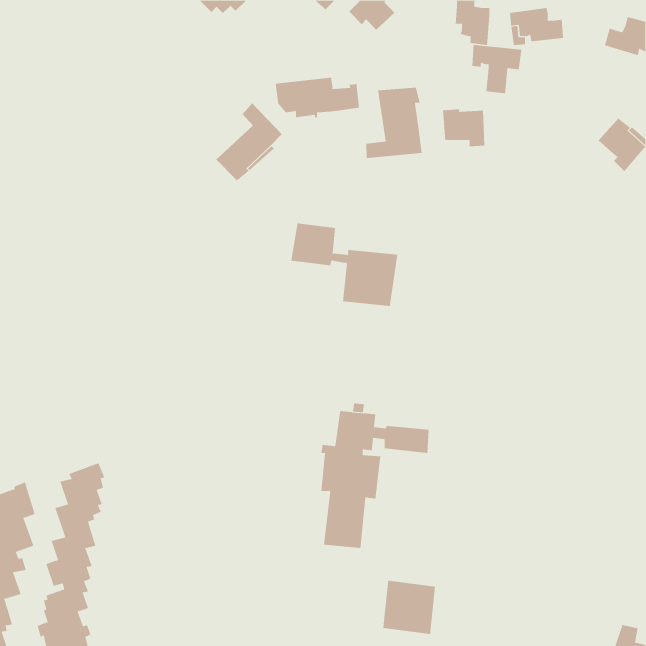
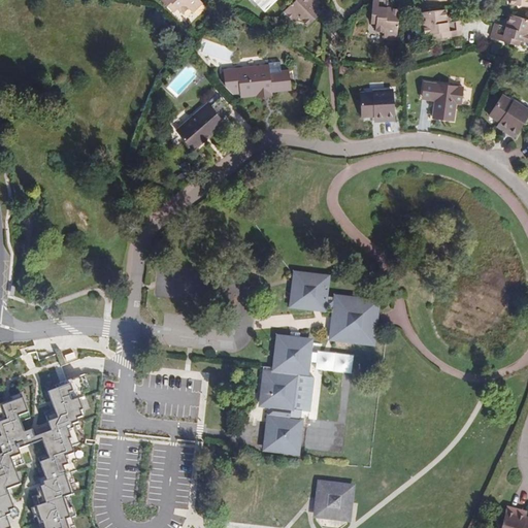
building: [471,44,522,94] -> [426,79,467,120]
building: [366,87,422,159] -> none
building: [290,223,398,307] -> [288,272,375,340]

